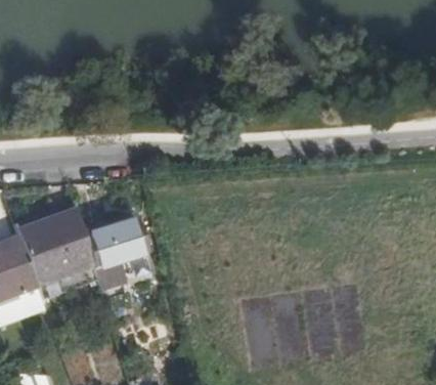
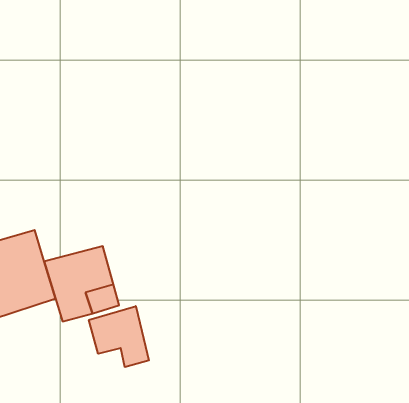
building: none -> [89,306,149,367]

